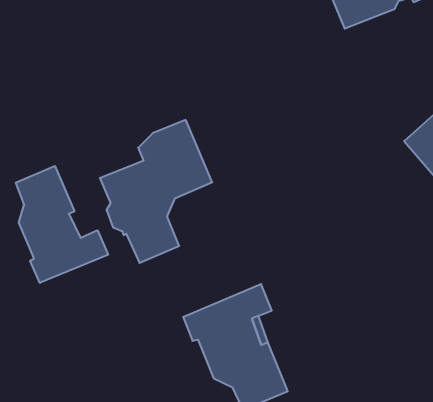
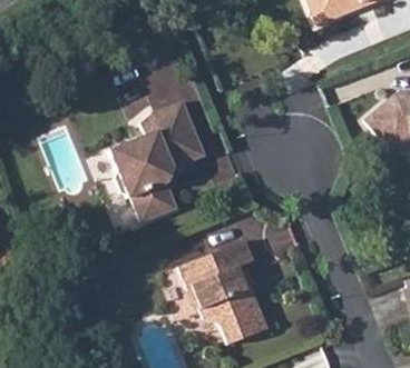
building: [16,166,108,283] -> none

